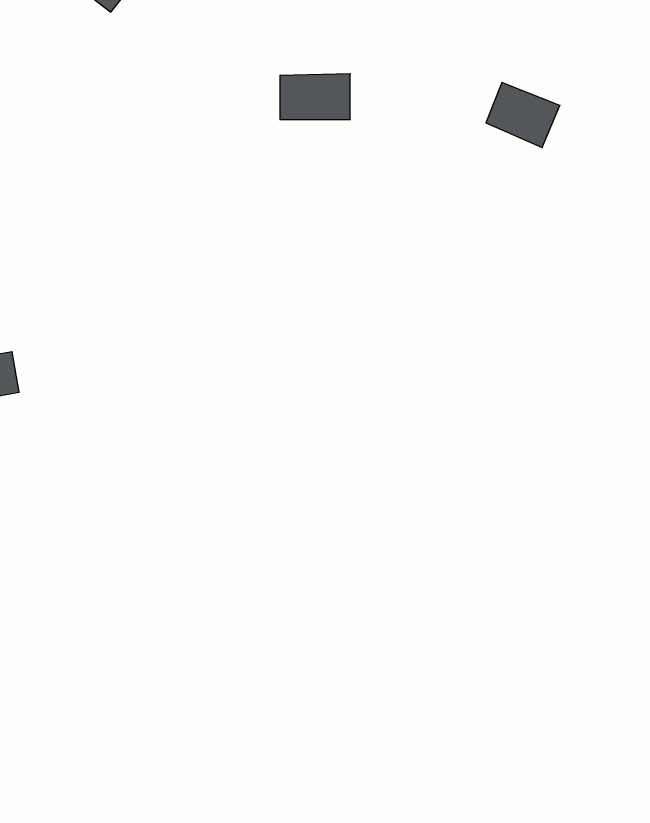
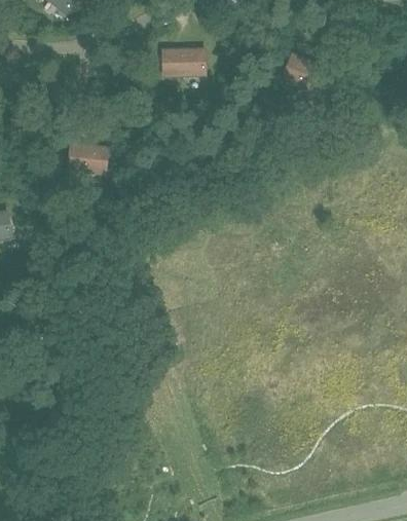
building: none -> [70,144,108,173]

